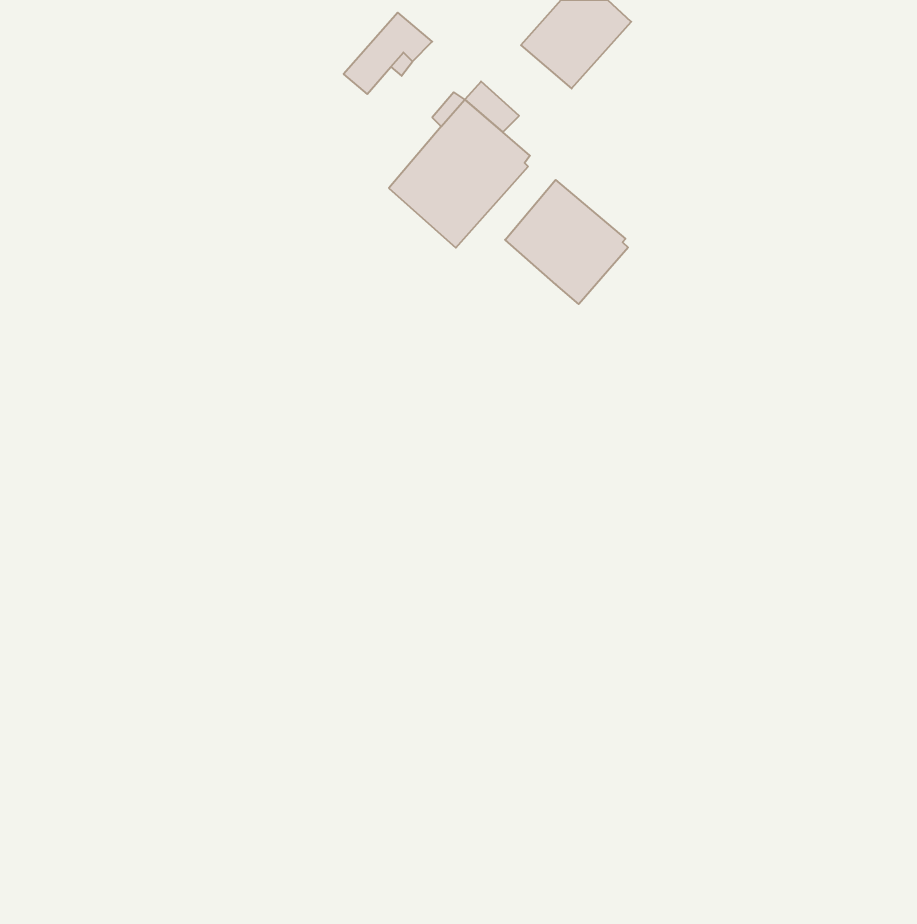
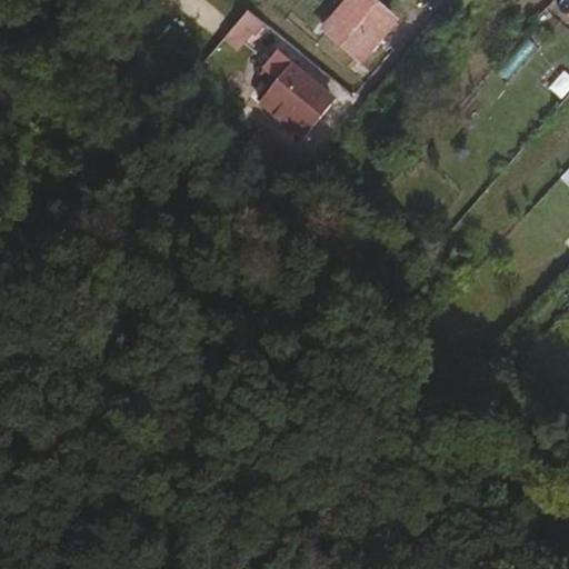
building: [505,180,628,304] -> none

